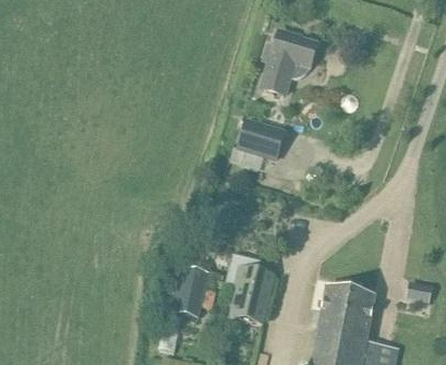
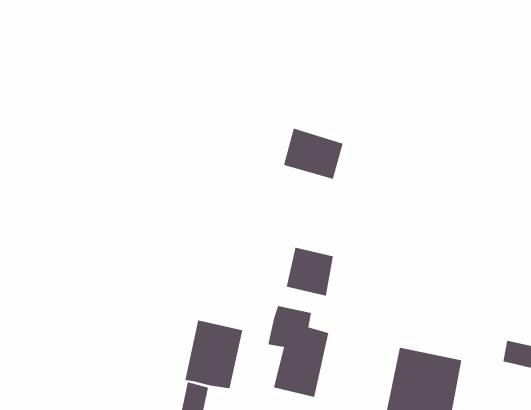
building: [263,32,317,94] -> none
building: none -> [286,247,334,297]

